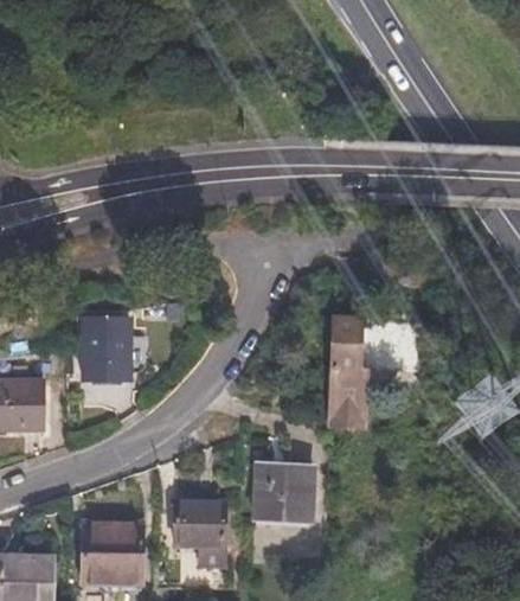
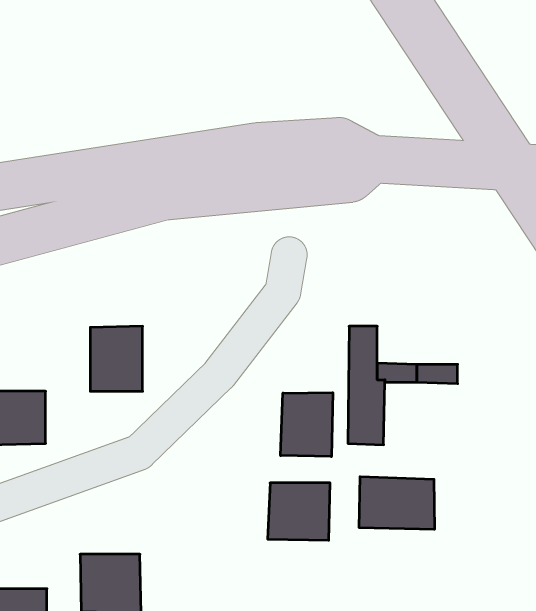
building: none -> [281,393,333,457]
building: none -> [359,477,434,529]
building: [173,507,224,573] -> none

